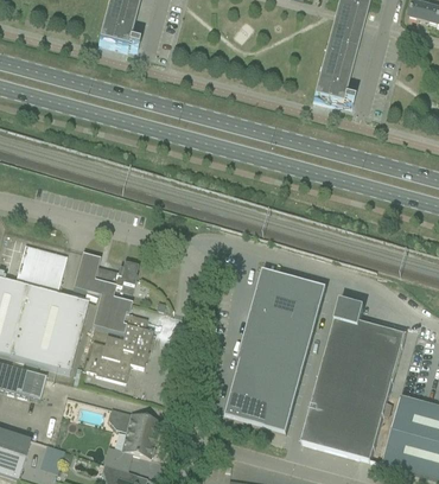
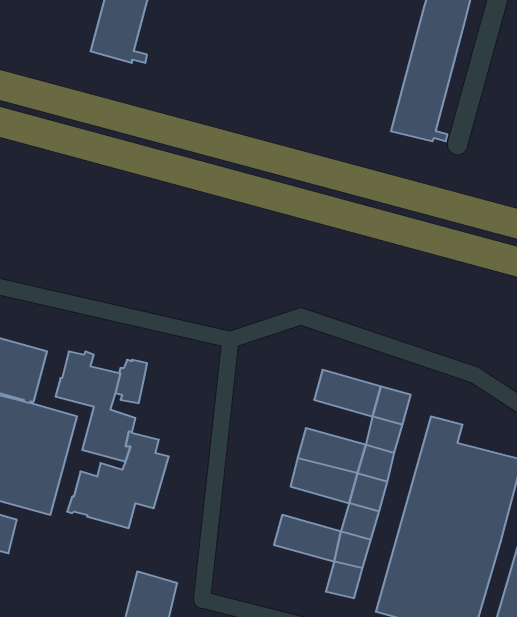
building: [252,289,299,321] -> none
building: [235,351,282,383] -> none
building: [223,393,272,426] -> none

